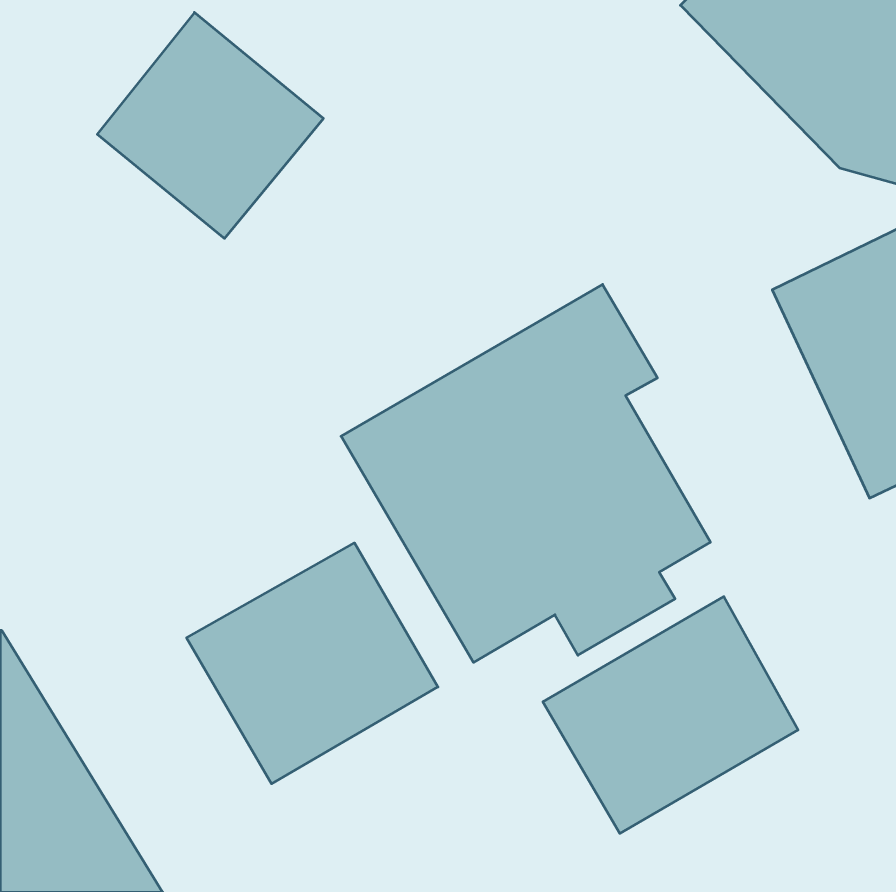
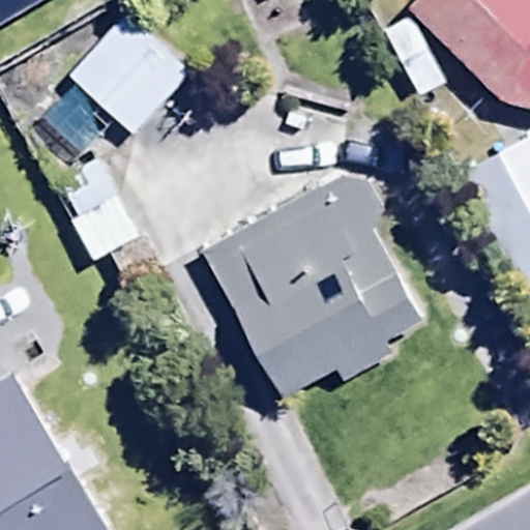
building: [187,543,438,784] -> none
building: [543,597,798,833] -> none

